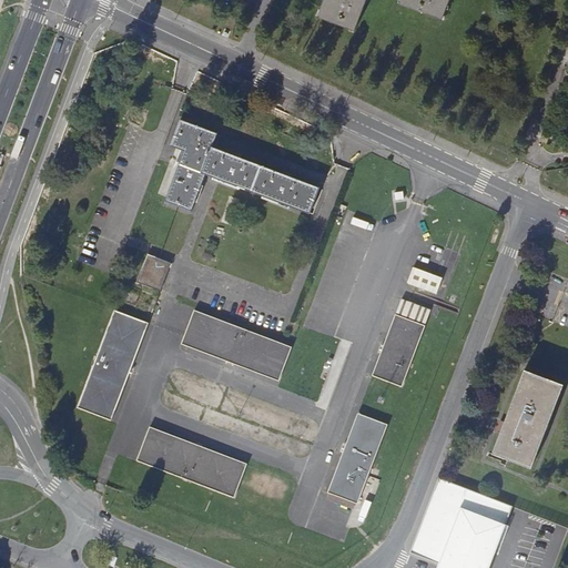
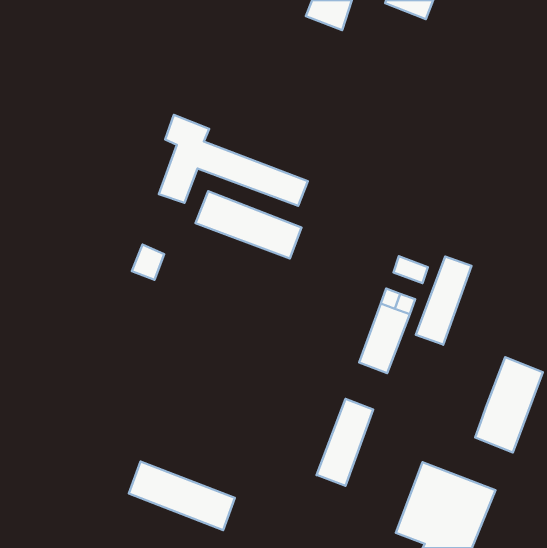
building: none -> [416,256,472,345]
building: [78,310,148,419] -> none
building: [181,310,291,379] -> [195,191,302,259]
building: [136,426,246,497] -> [129,461,235,530]

